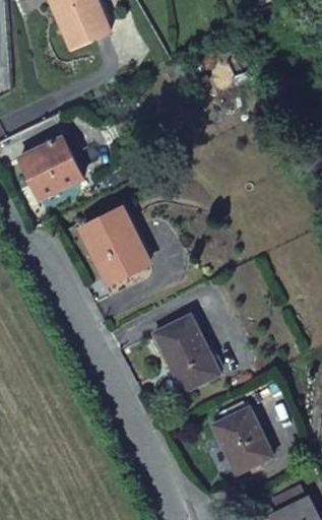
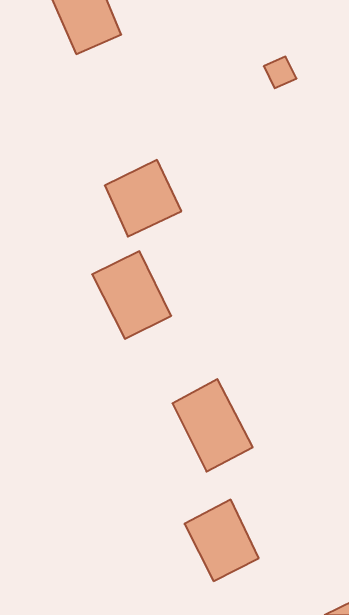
building: [18,135,82,199] -> [105,160,181,237]
building: [212,404,274,472] -> [184,500,259,581]

